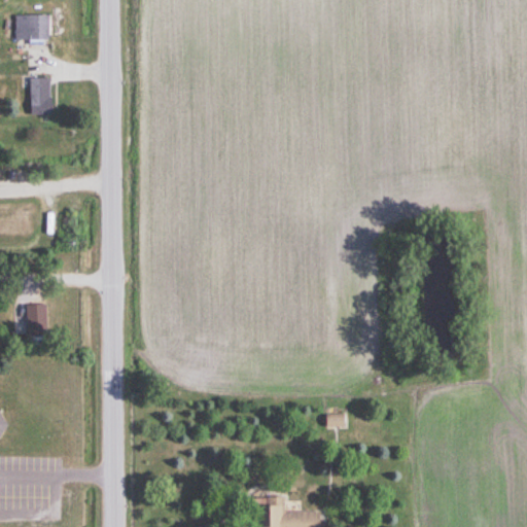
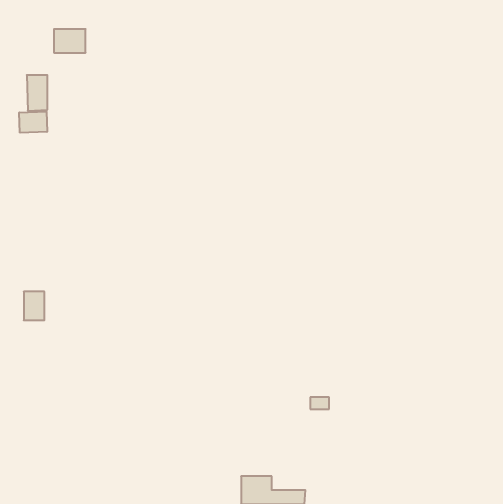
building: [15,15,48,40] -> [54,29,86,53]
building: none -> [19,112,47,133]

